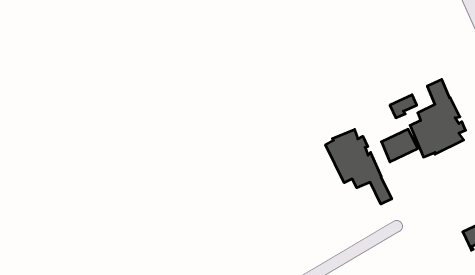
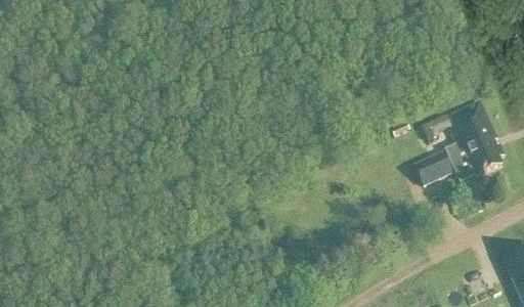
building: [326,129,392,204] -> none

